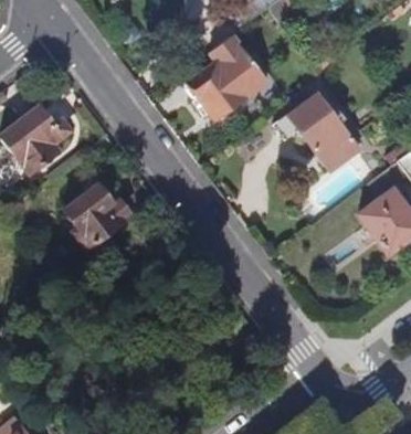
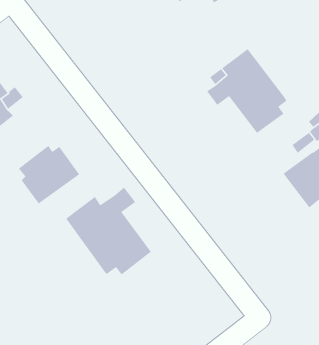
building: [187,34,267,120] -> none
building: none -> [65,187,152,275]

